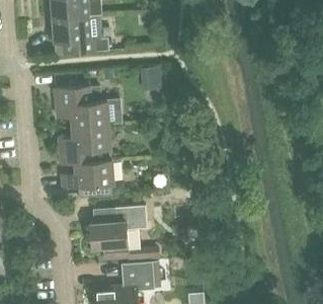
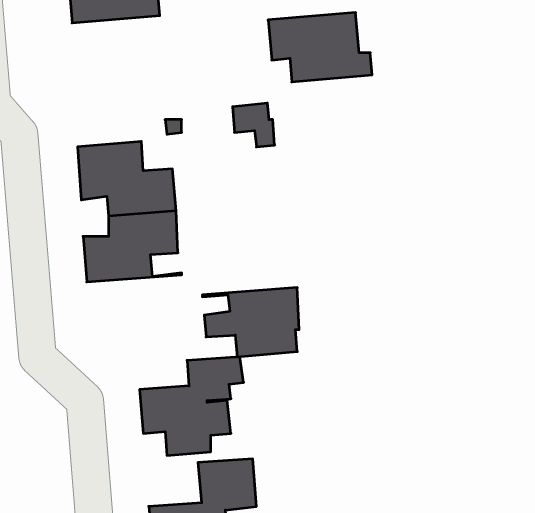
building: [52,15,109,54] -> [268,13,372,82]
building: [60,159,113,198] -> [202,288,299,357]

